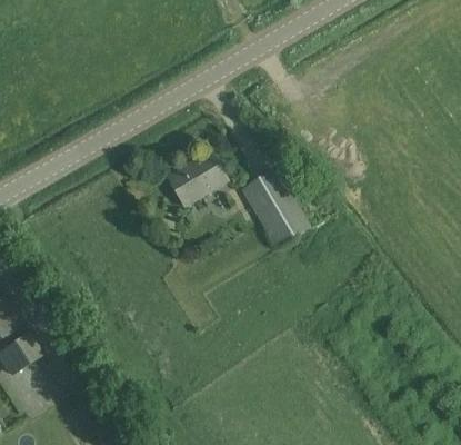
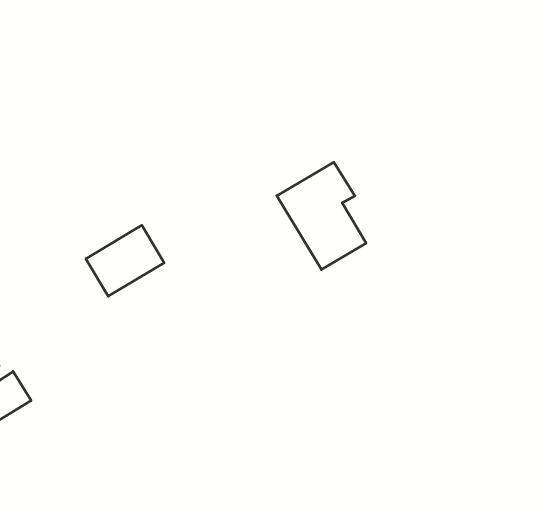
building: [168,150,230,207] -> [86,225,164,296]

